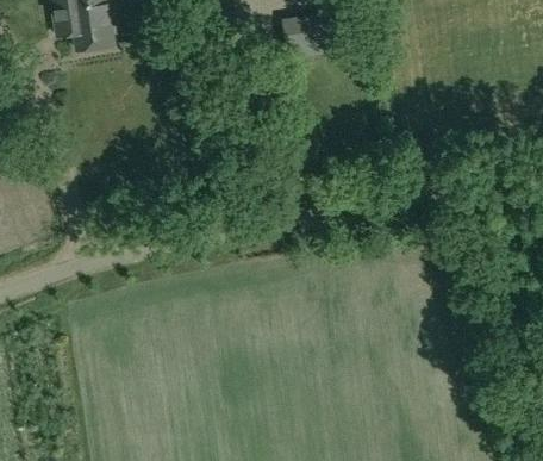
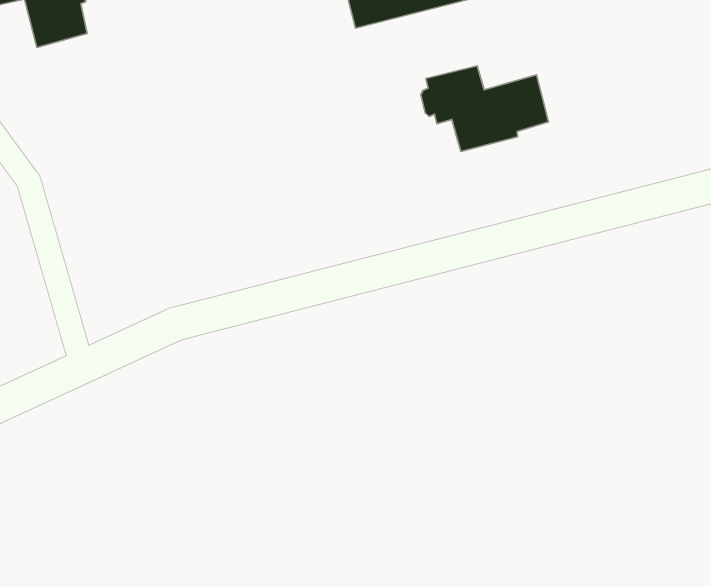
building: none -> [421,66,549,151]

